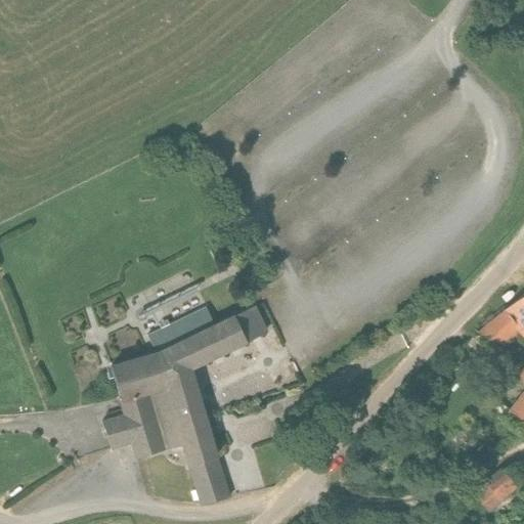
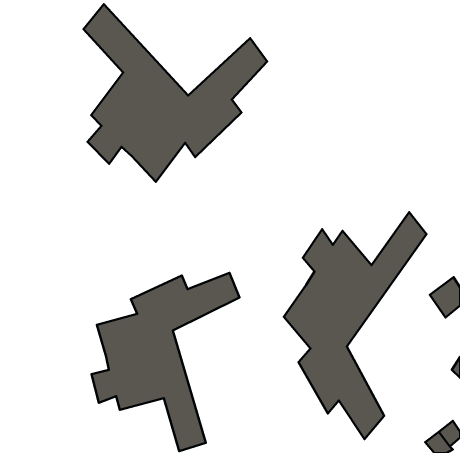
building: none -> [84,4,267,182]
building: none -> [284,212,426,439]

